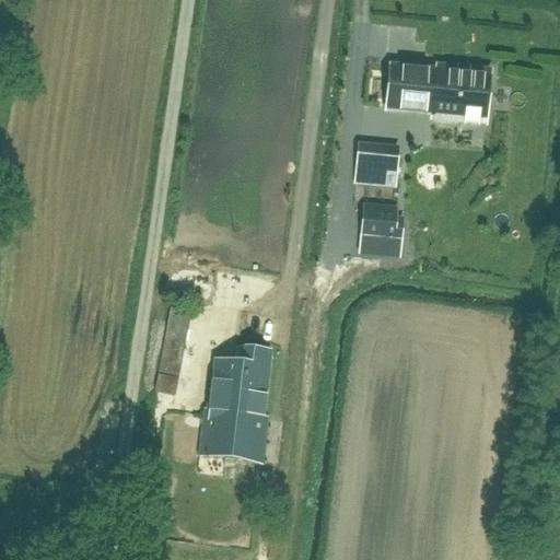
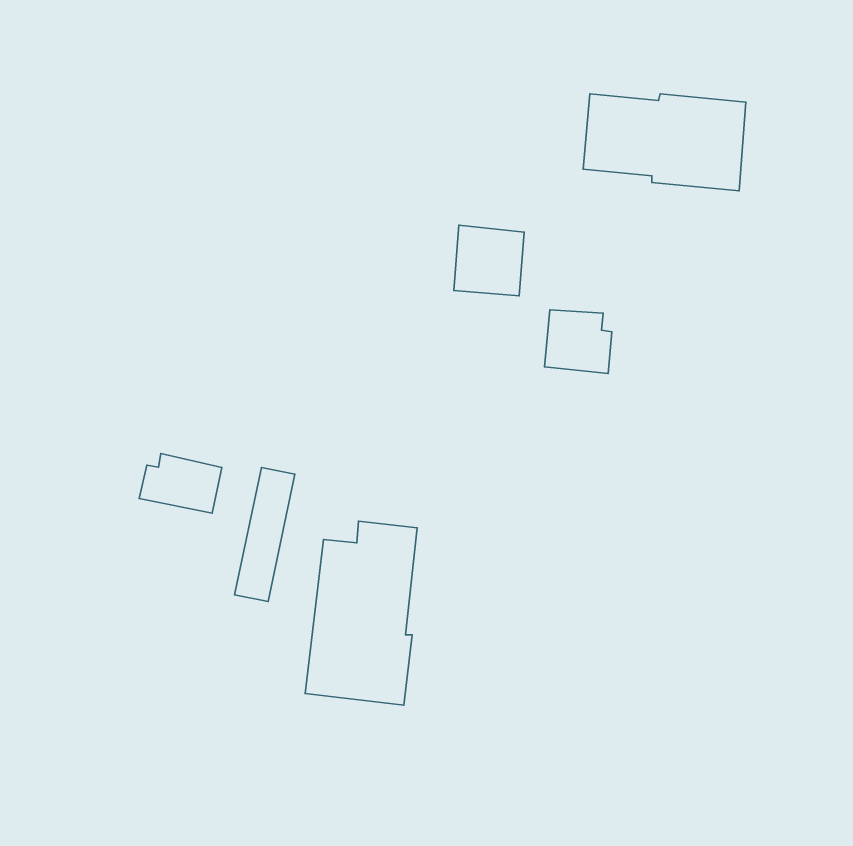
building: [352,140,398,186] -> [454,225,524,296]
building: none -> [139,454,222,513]

